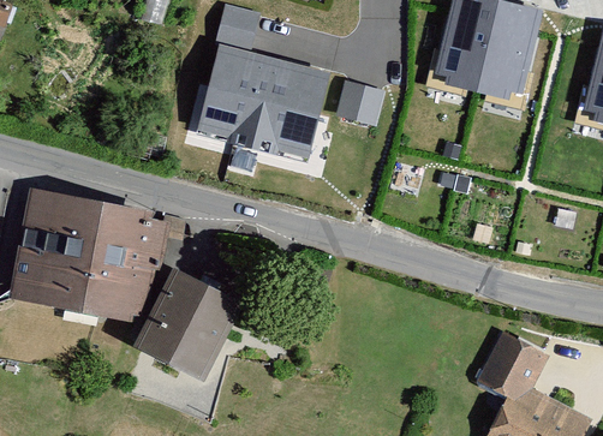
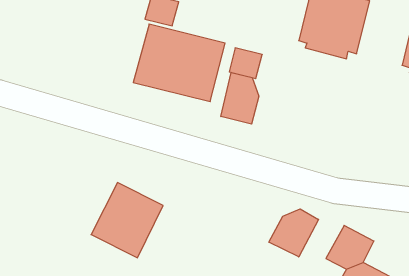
building: none -> [221,72,259,124]
building: [8,195,168,322] -> none
building: none -> [269,209,319,257]

